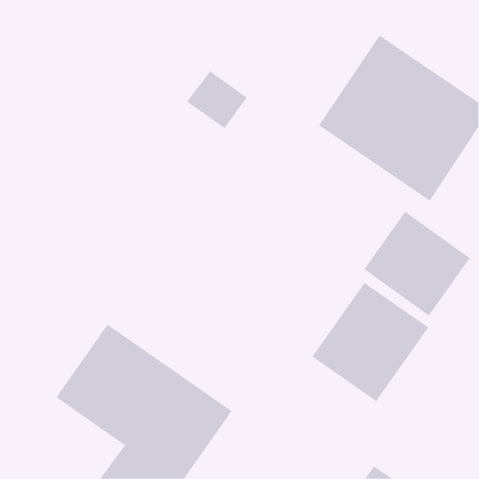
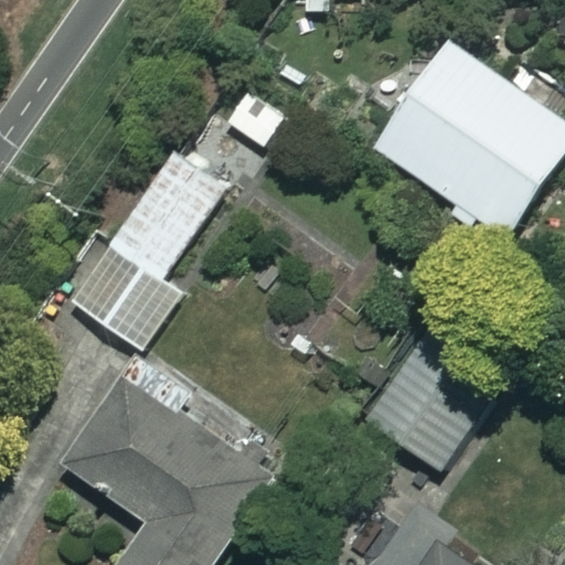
building: none -> [72,149,226,350]
building: [364,211,470,316] -> none

